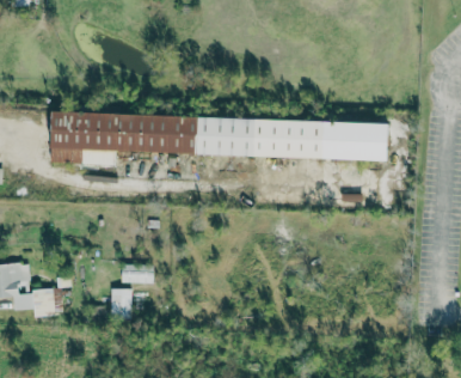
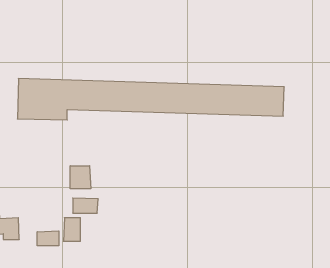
building: none -> [70,166,91,189]
building: none -> [37,231,59,246]

